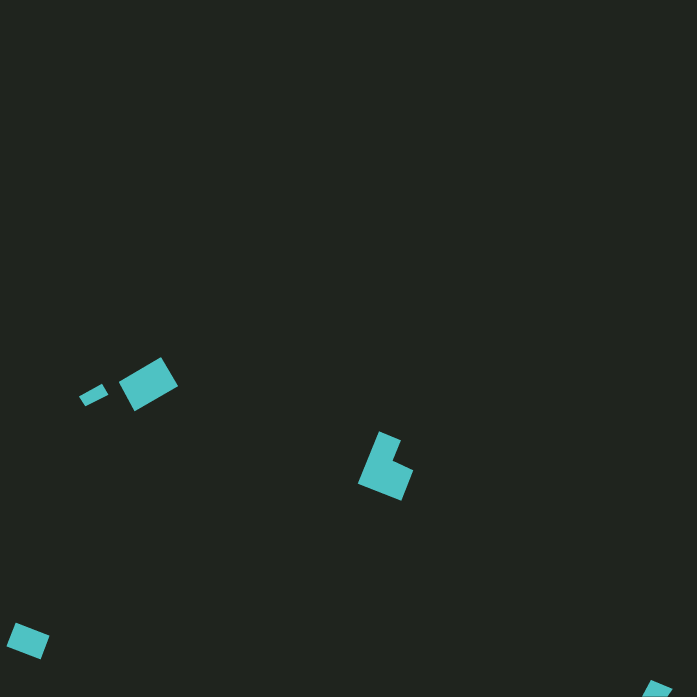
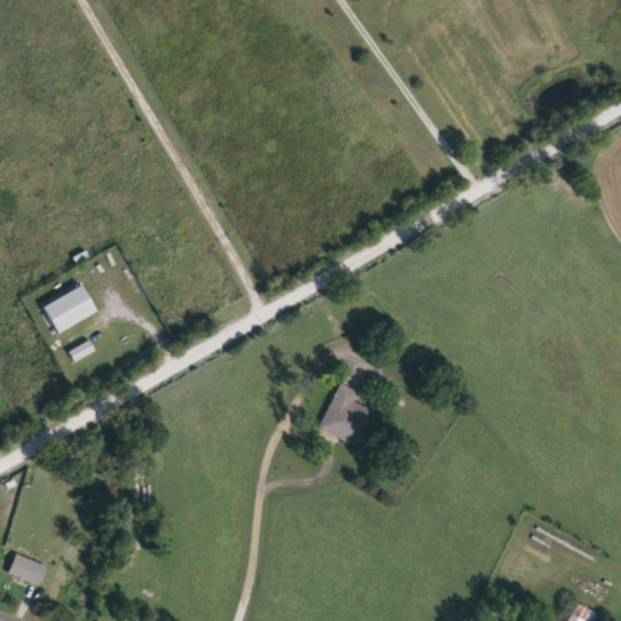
building: [118,356,179,412] -> [45,284,99,334]

